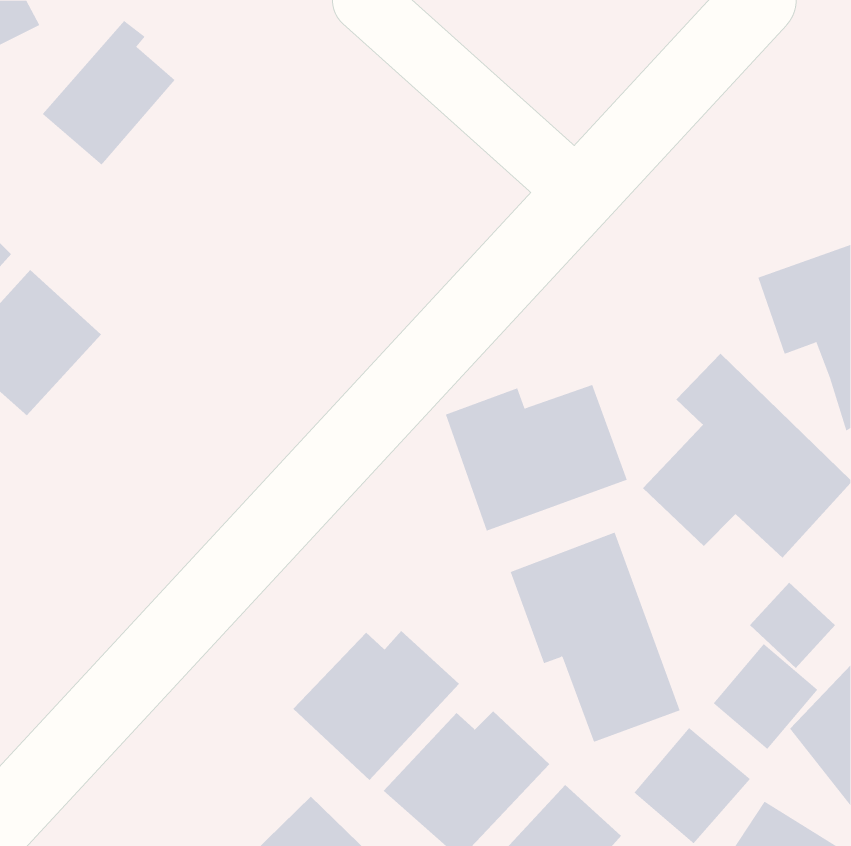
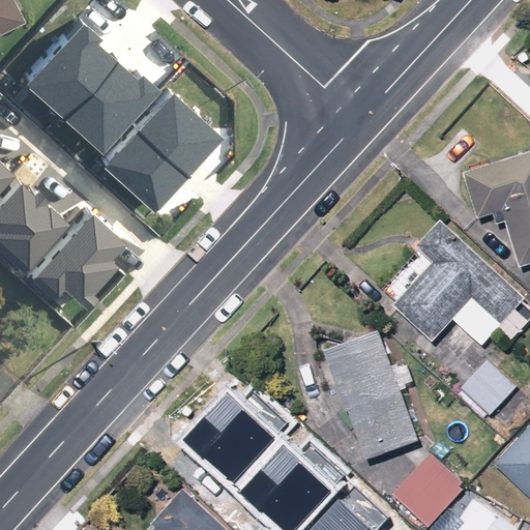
building: none -> [63,55,152,141]
building: none -> [105,89,211,198]
building: none -> [26,205,119,295]
building: [445,384,627,531] -> none
building: [713,643,818,750] -> none

